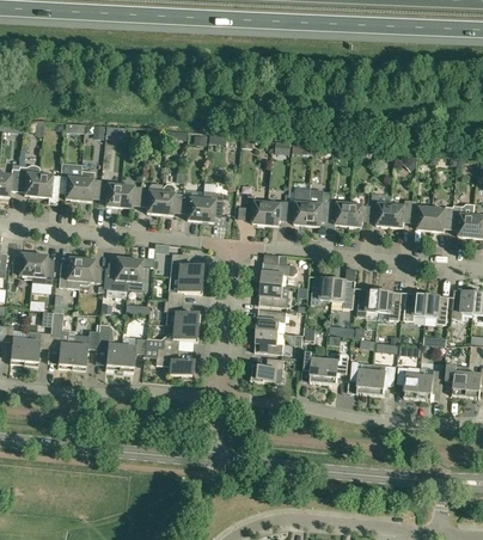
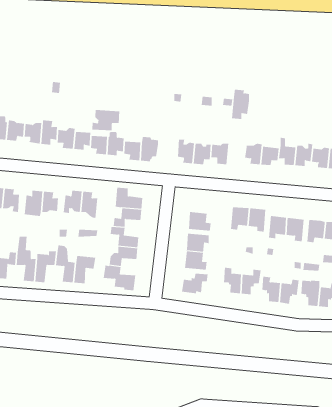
building: none -> [92,109,120,131]
building: [307,190,330,227] -> [231,89,250,119]
building: [261,262,296,286] -> none

